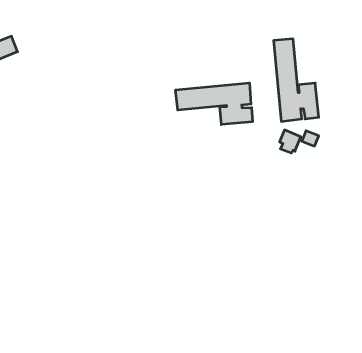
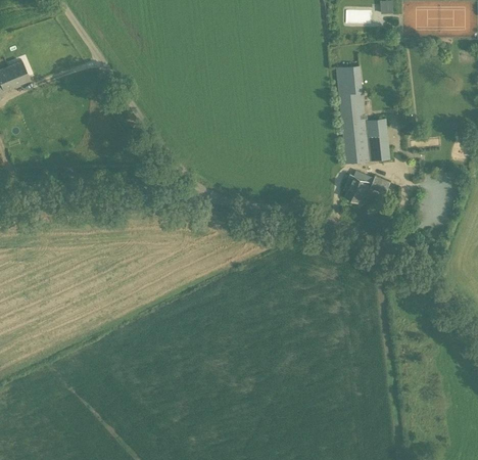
building: [176,83,252,125] -> none

